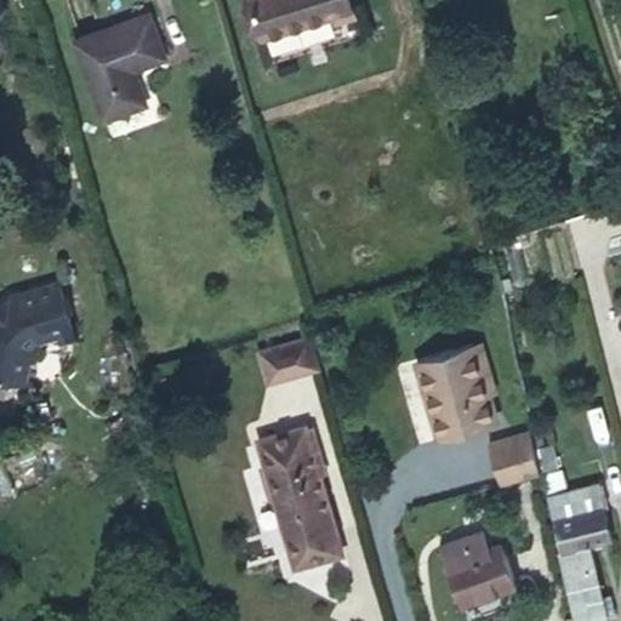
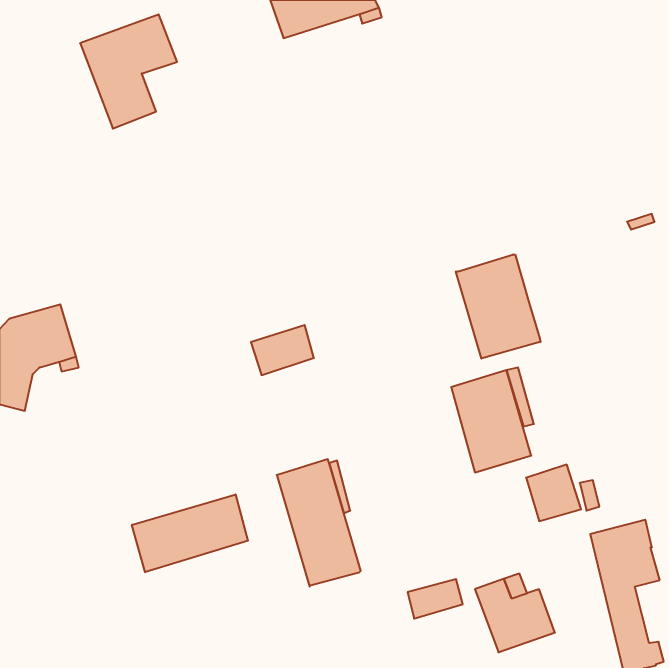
building: none -> [456,254,541,359]
building: [257,337,315,383] -> [251,325,314,375]
building: none -> [132,494,248,572]
building: [287,531,338,568] -> [408,579,463,619]

